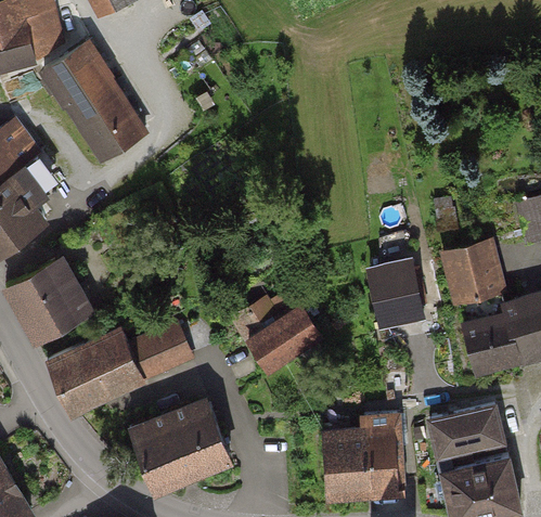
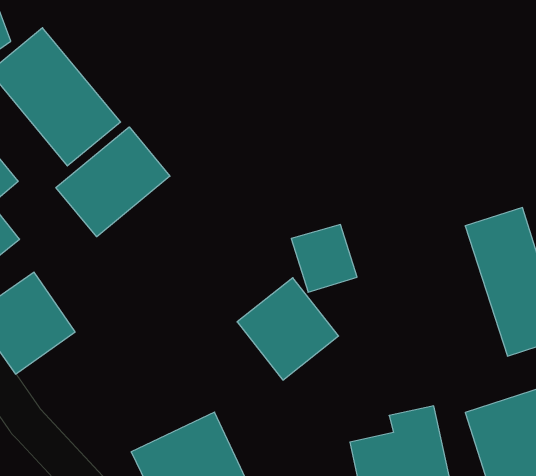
building: none -> [56,127,170,237]
building: [368,264,422,321] -> [291,225,357,292]
building: [49,325,193,413] -> none

